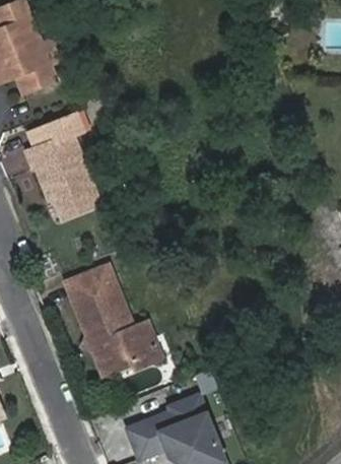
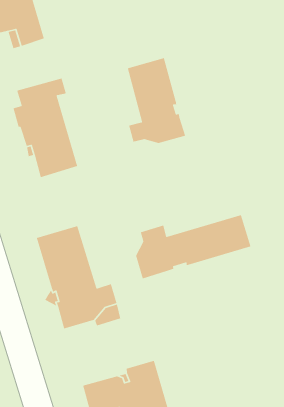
building: none -> [127,57,186,144]
building: none -> [135,214,252,280]

